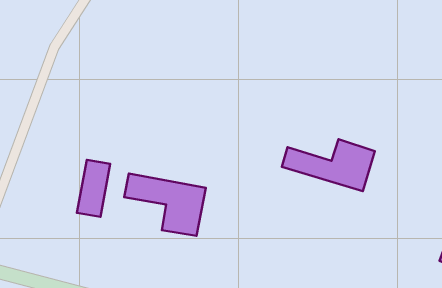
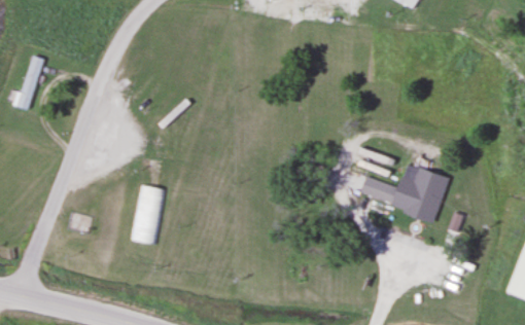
building: [124,174,206,236] -> none

